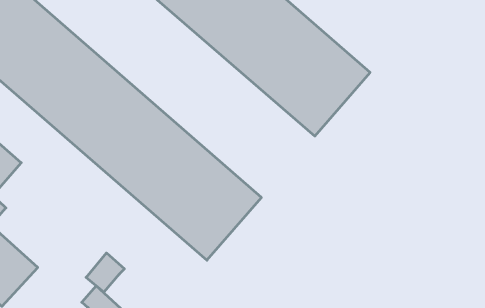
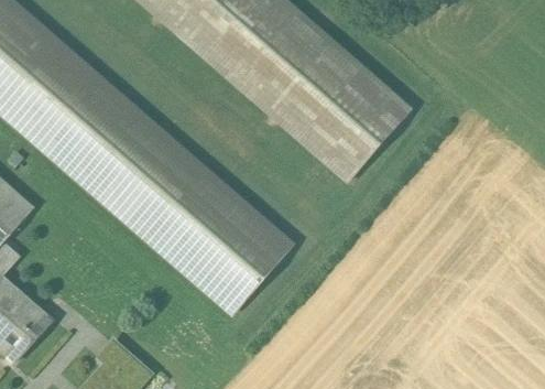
building: [86,253,124,292] -> none

